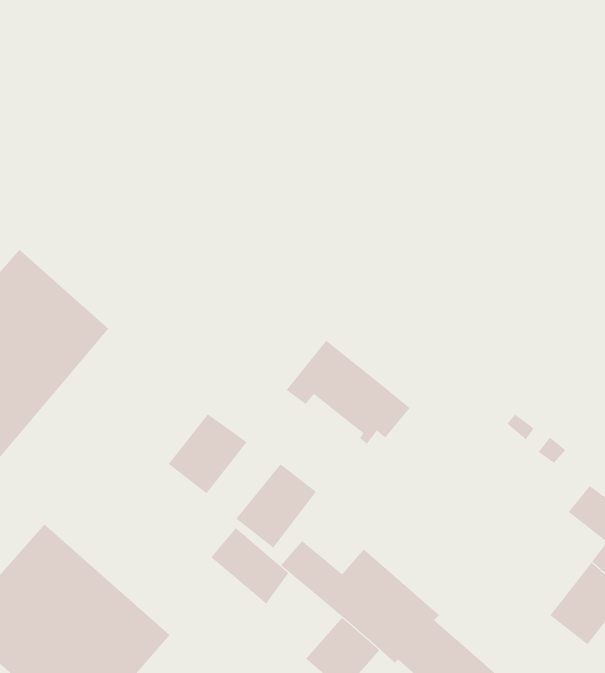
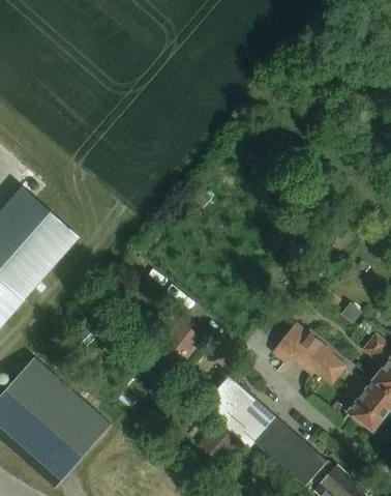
building: [286,340,411,445] -> [271,323,349,388]
building: [168,414,247,494] -> none
building: [210,527,289,604] -> none

